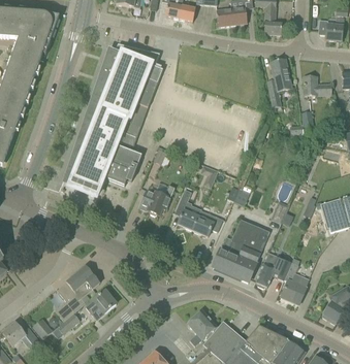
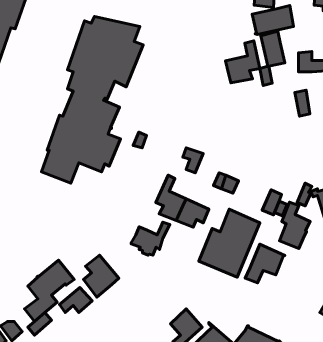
building: none -> [252,5,294,34]
building: none -> [225,41,260,83]
building: [139,185,174,214] -> [131,222,170,255]
building: none -> [83,255,119,297]
building: [281,261,309,303] -> [279,202,310,249]

